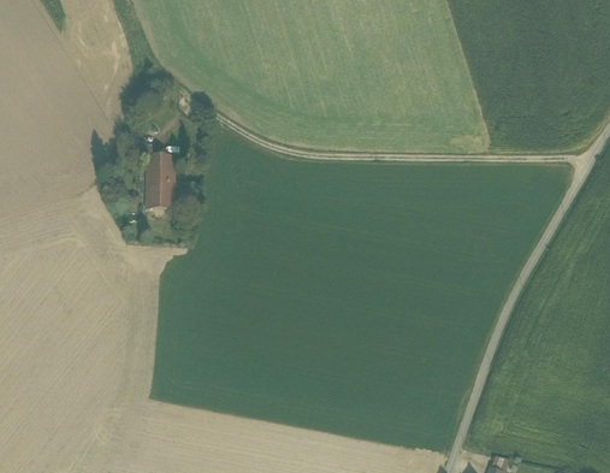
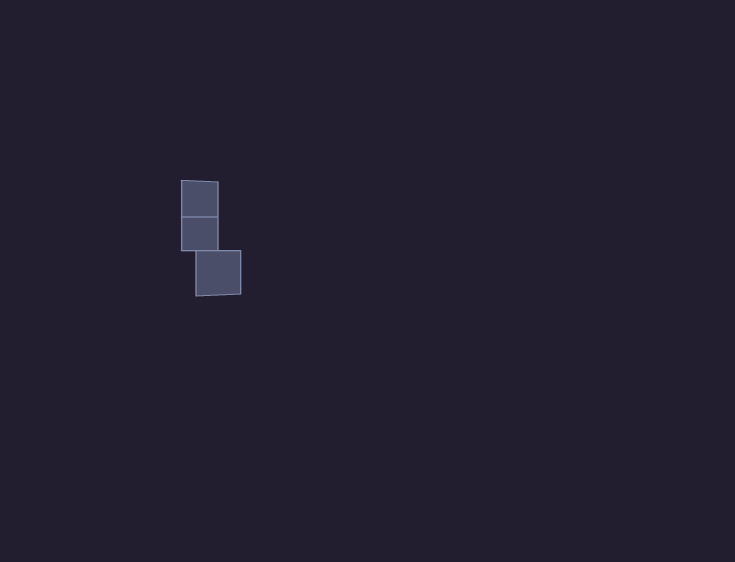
building: none -> [196,251,241,296]

